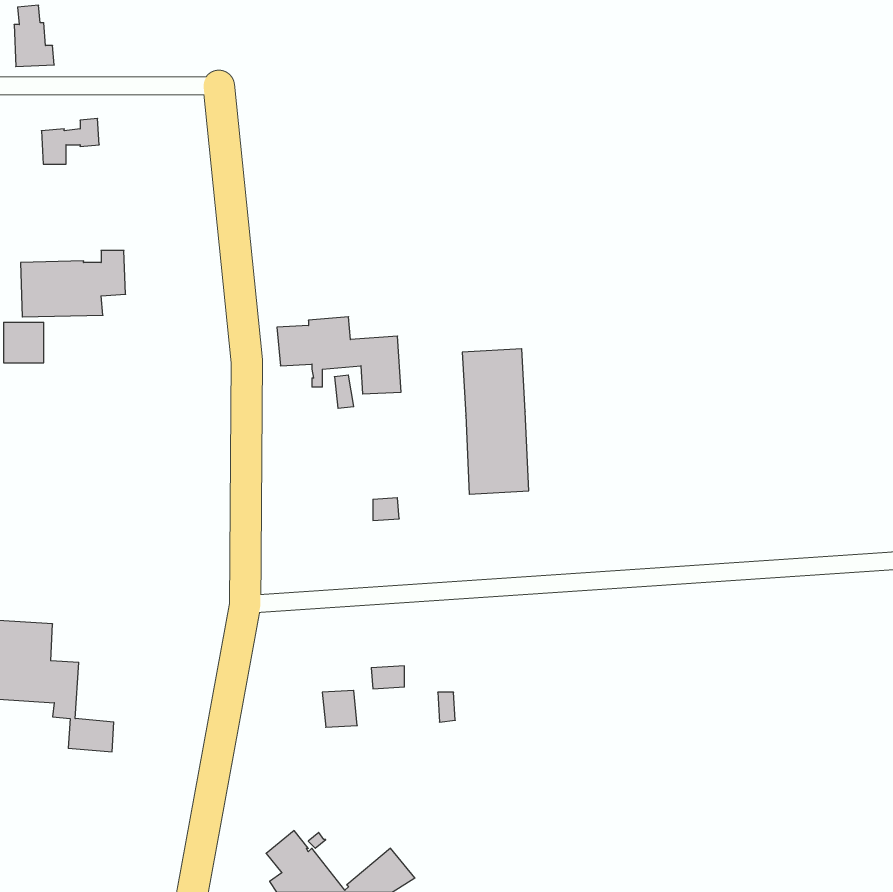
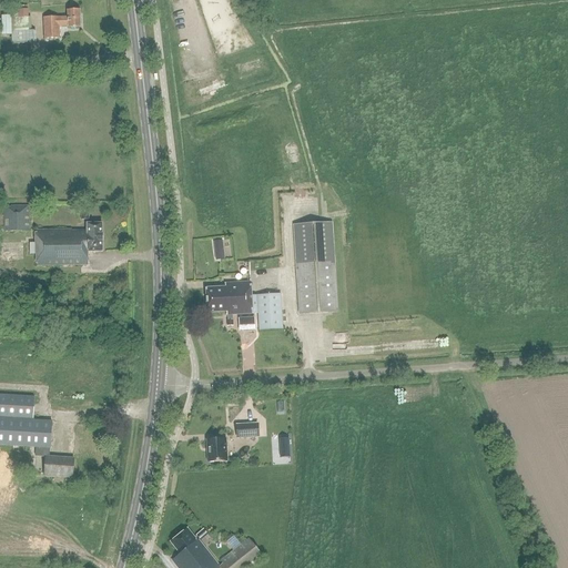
building: [41,118,99,164] -> [42,8,79,37]
building: [21,250,126,317] -> [34,222,101,264]
building: [277,317,401,394] -> [203,280,282,328]

